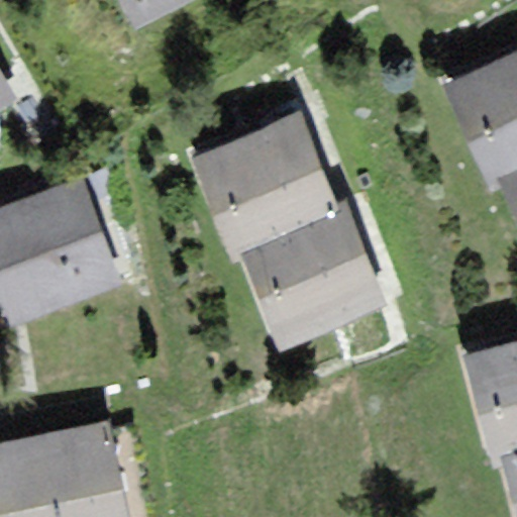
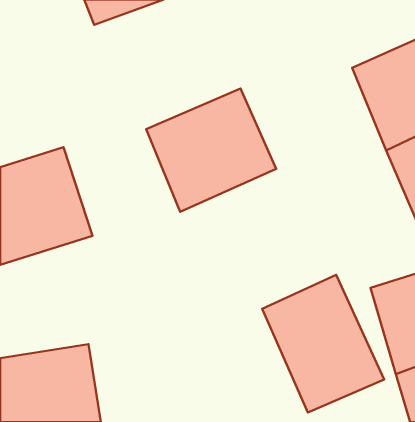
building: [229,206,388,357] -> none
building: none -> [262,275,384,413]

